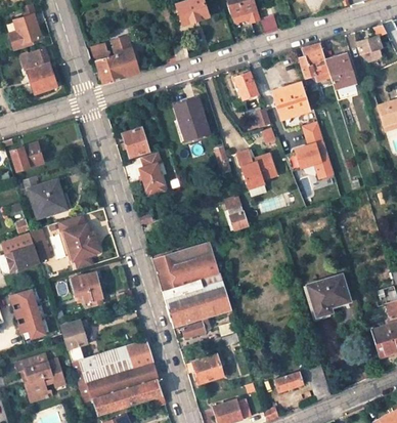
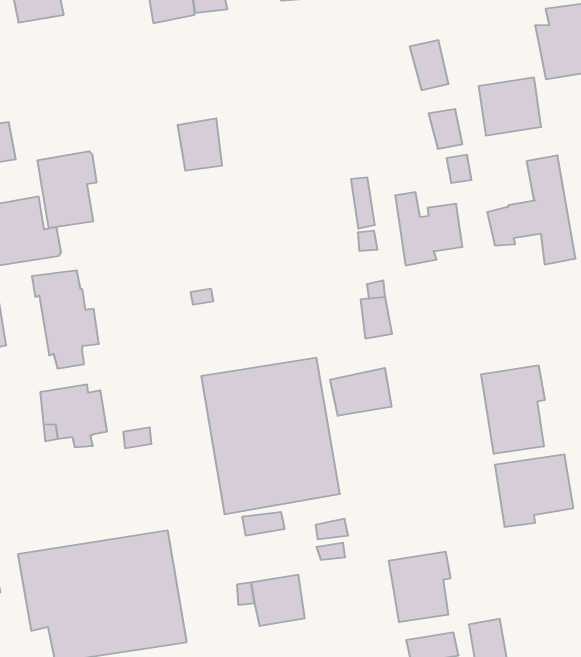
building: [175,99,209,140] -> none
building: [140,153,167,197] -> none
building: none -> [37,151,96,228]
building: none -> [481,365,545,454]
building: none -> [330,368,391,416]
building: [62,321,87,348] -> none
building: none -> [389,552,451,622]

